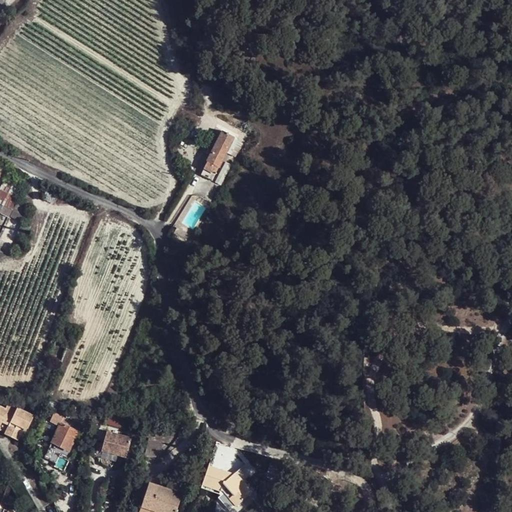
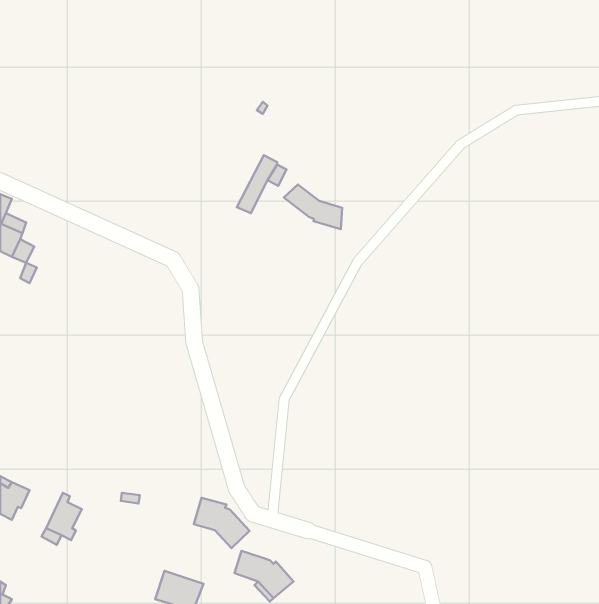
building: none -> [284,185,342,229]
building: none -> [194,498,249,548]
building: [100,432,130,458] -> none

